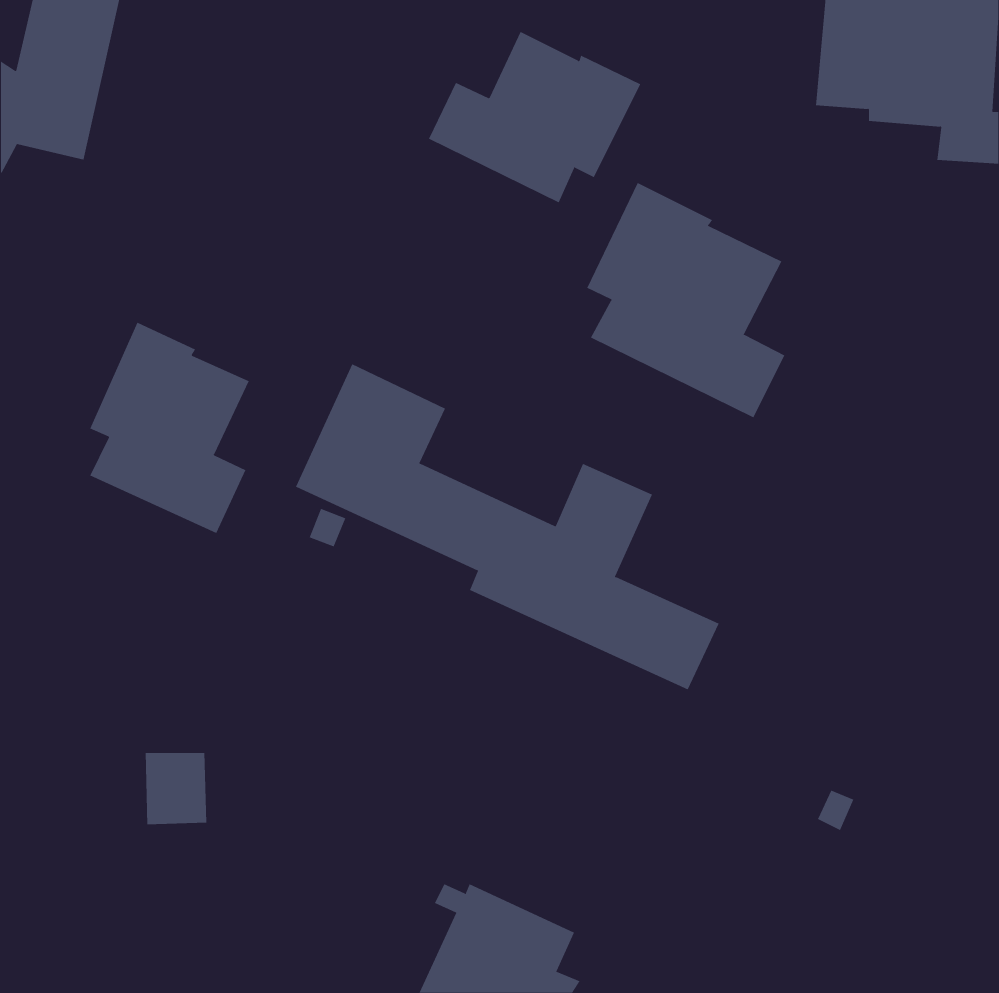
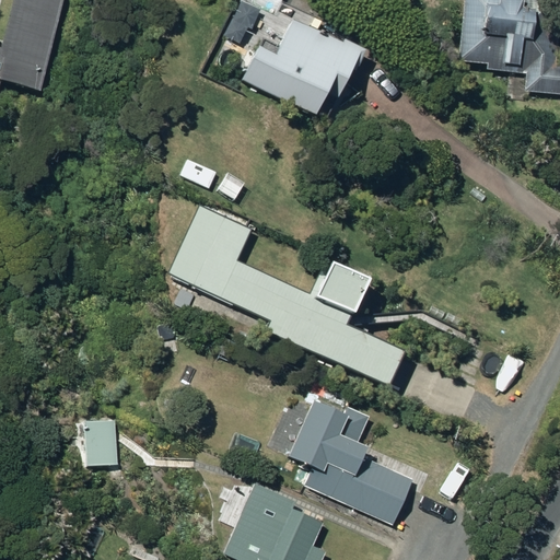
building: [586,182,785,418] -> none
building: [89,322,250,534] -> none
building: none -> [287,399,416,524]

